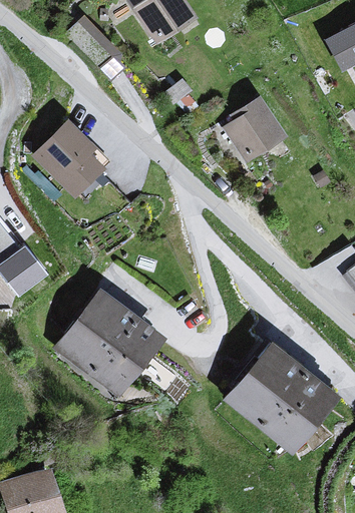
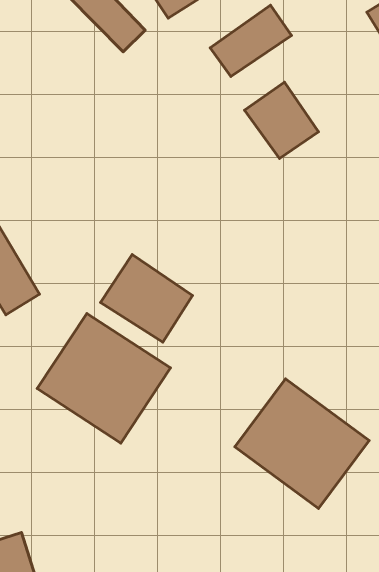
building: none -> [210,5,291,77]
building: [34,121,99,194] -> none
building: none -> [101,255,193,342]

